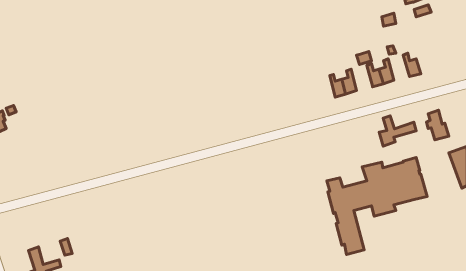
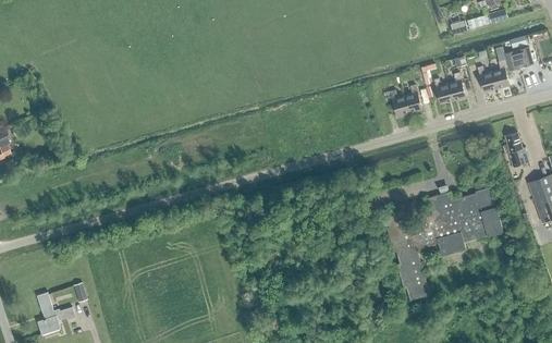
building: none -> [490,47,531,89]
building: [379,116,416,146] -> none

